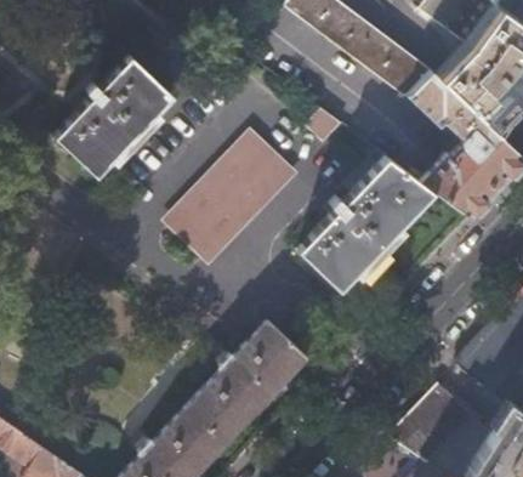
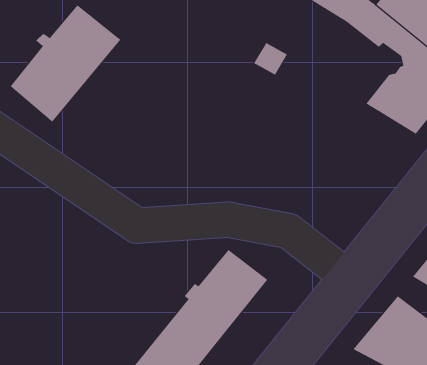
building: [161,131,300,269] -> none
building: [299,158,434,289] -> none

